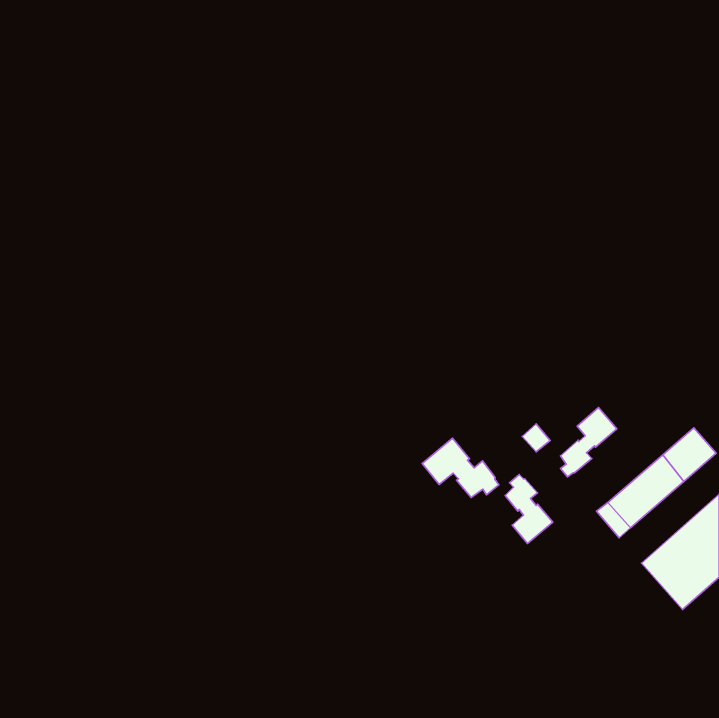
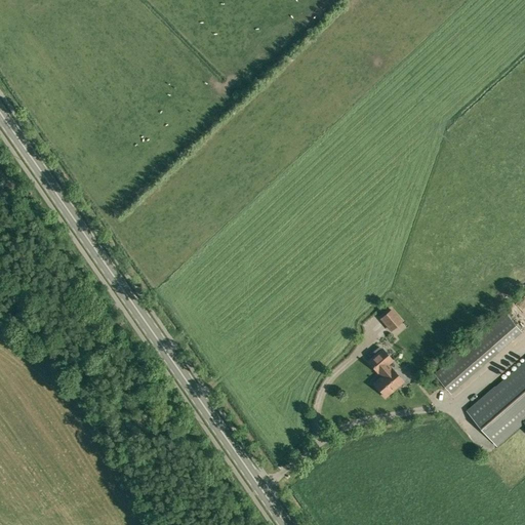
building: [560,408,617,477] -> none
building: [422,438,499,497] -> none

